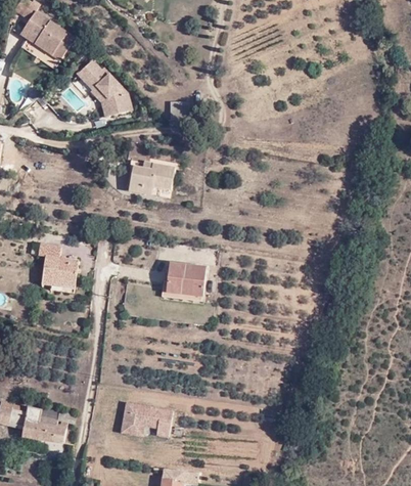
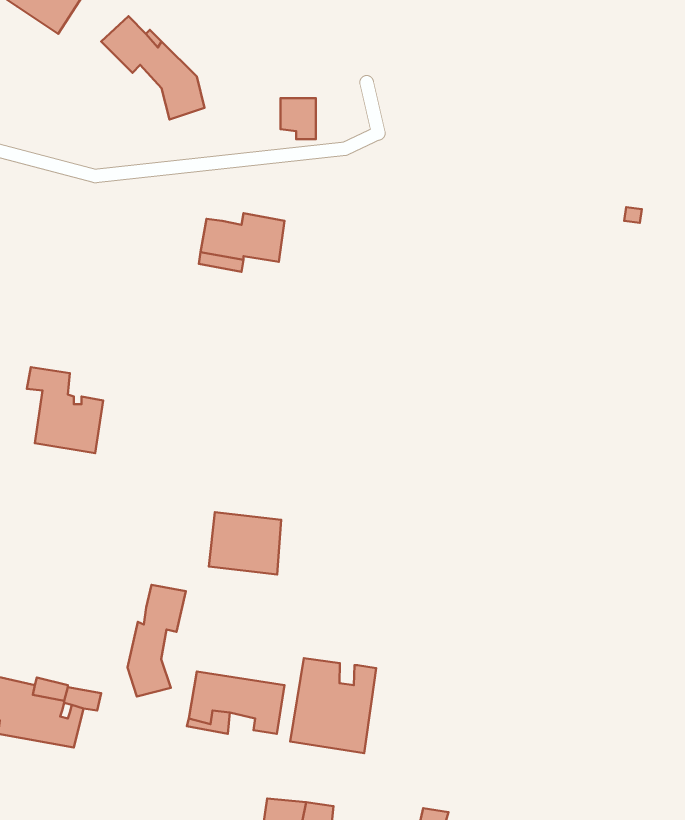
building: [168,263,206,296] -> [209,512,281,574]
building: none -> [128,585,186,696]
building: none -> [290,658,376,753]

